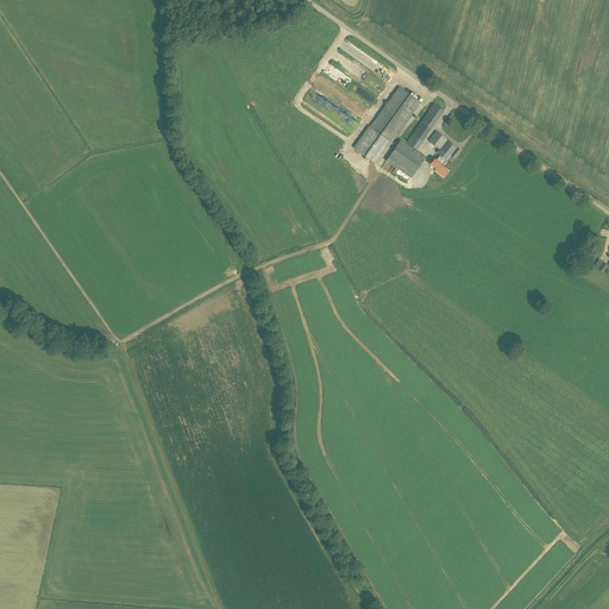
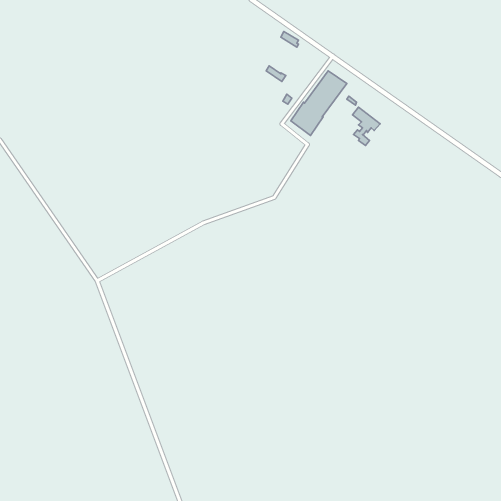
building: [384,138,423,176] -> none

